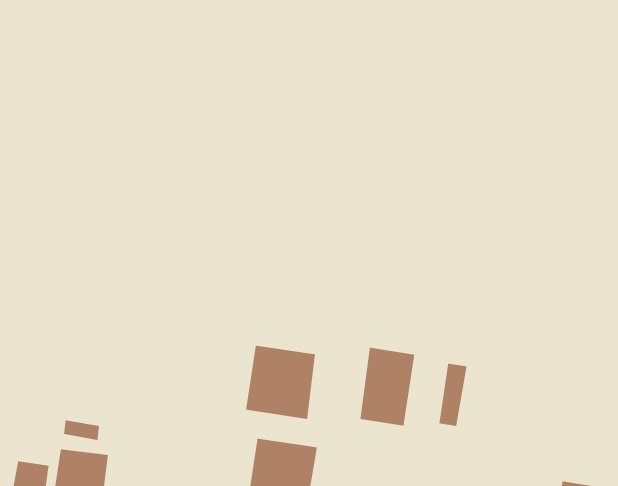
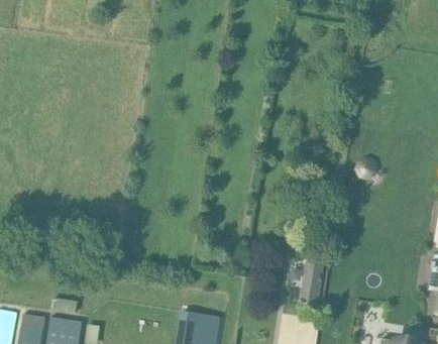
building: [245,345,316,420] -> none
building: [360,347,415,426] -> none

